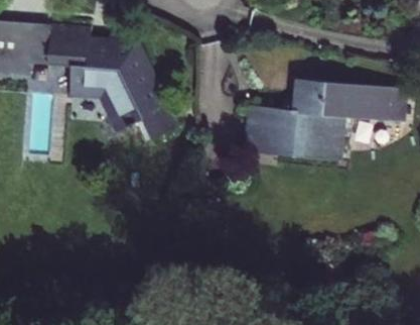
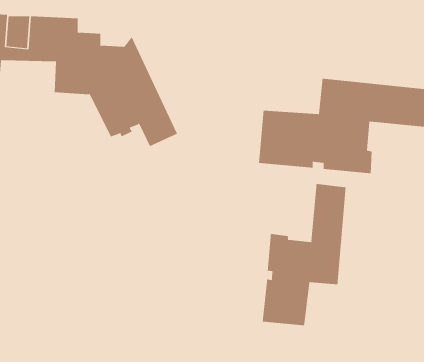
building: none -> [262,183,346,326]

